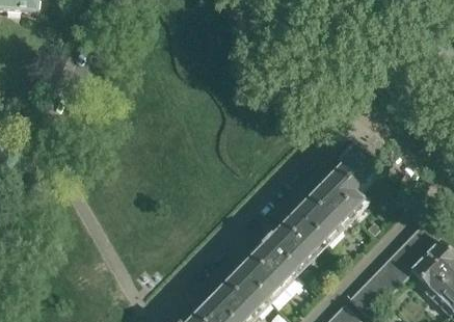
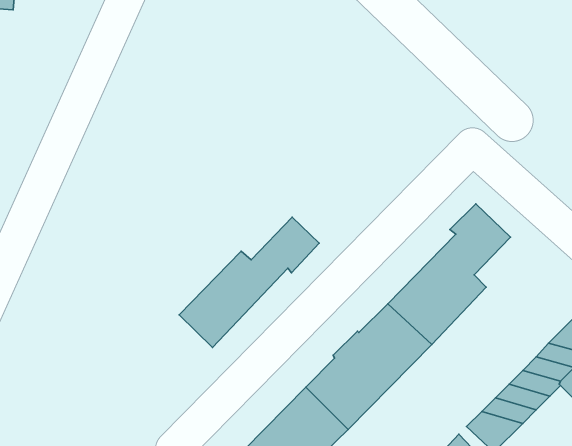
building: none -> [179,217,319,348]

